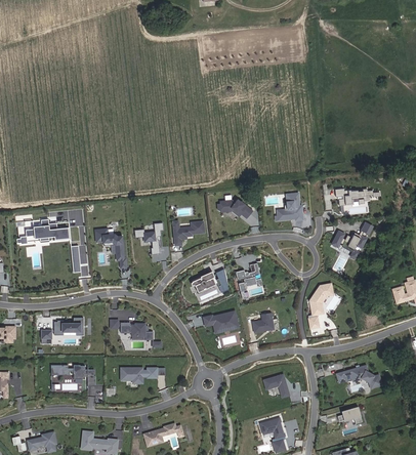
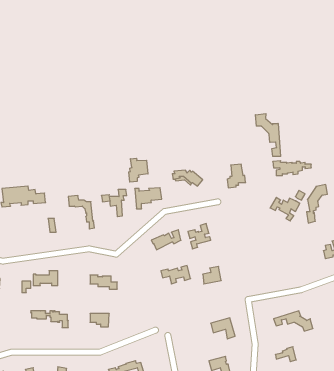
building: none -> [255,114,281,156]
building: none -> [129,158,148,182]
building: [308,284,333,329] -> [307,185,327,223]

